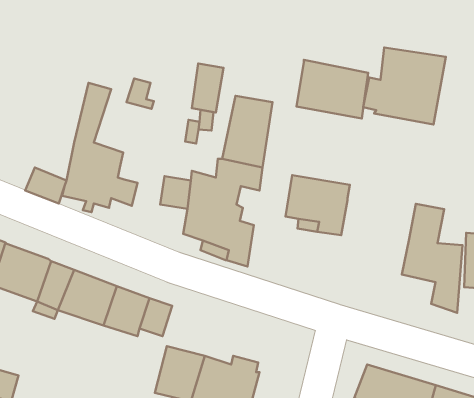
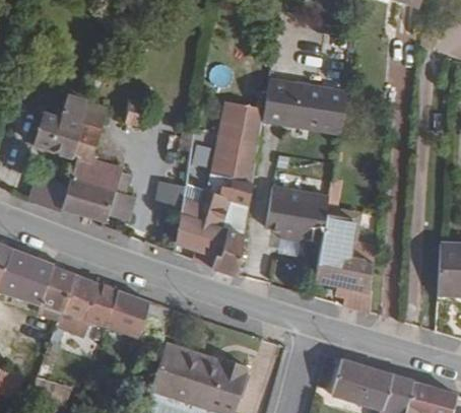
building: [363,48,446,124] -> none
building: [192,64,223,112] -> [259,77,288,123]
building: none -> [35,93,87,156]
building: [402,204,463,313] -> [316,210,373,312]

